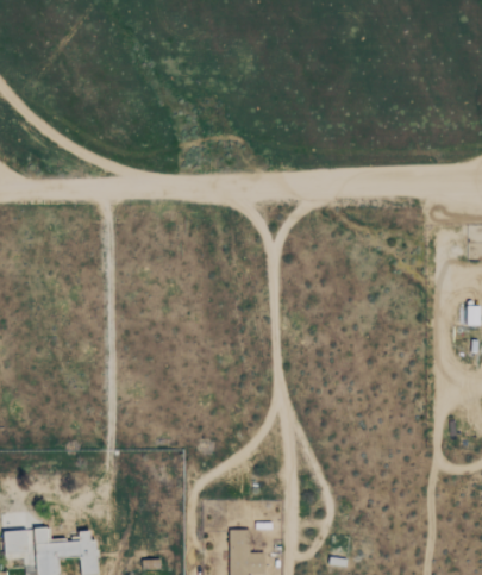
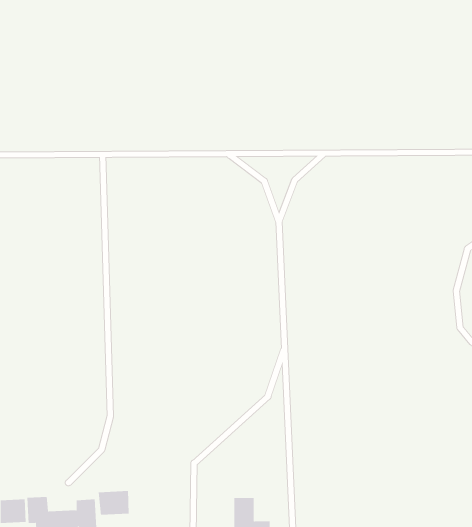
building: none -> [98,490,129,516]

